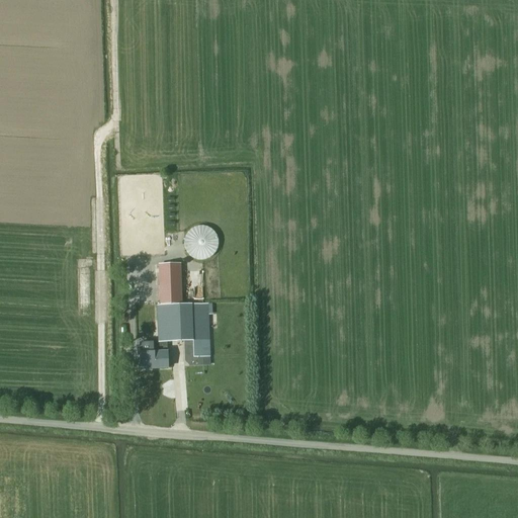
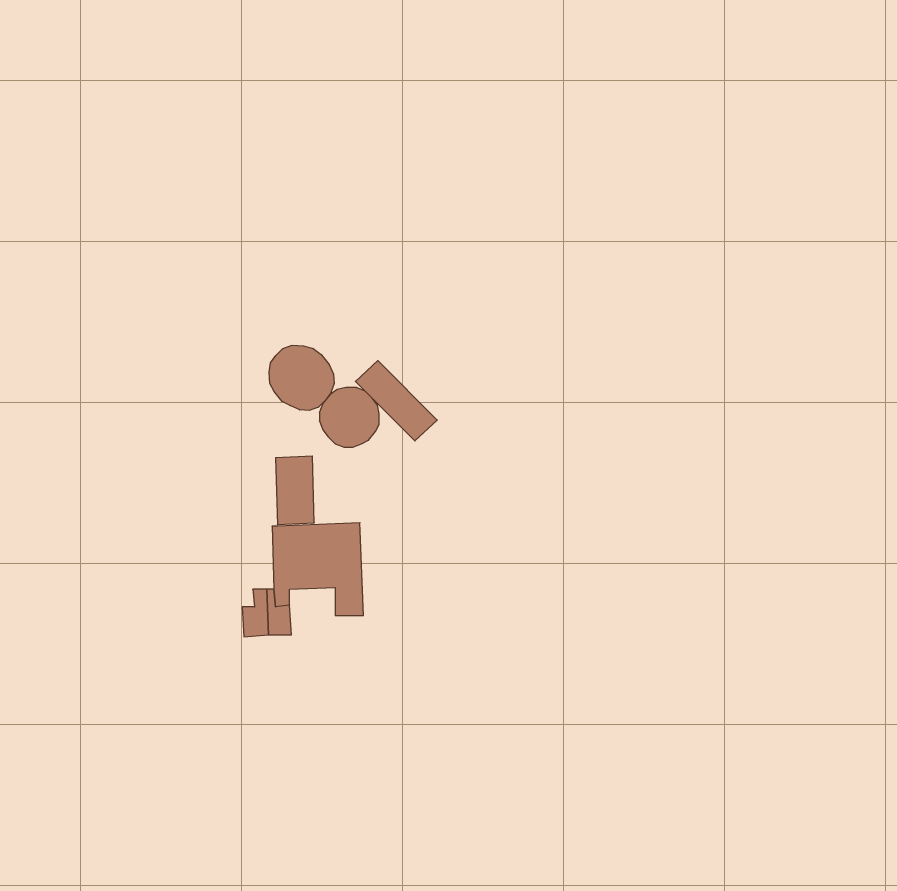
building: none -> [269,345,334,410]
building: none -> [355,361,437,441]

